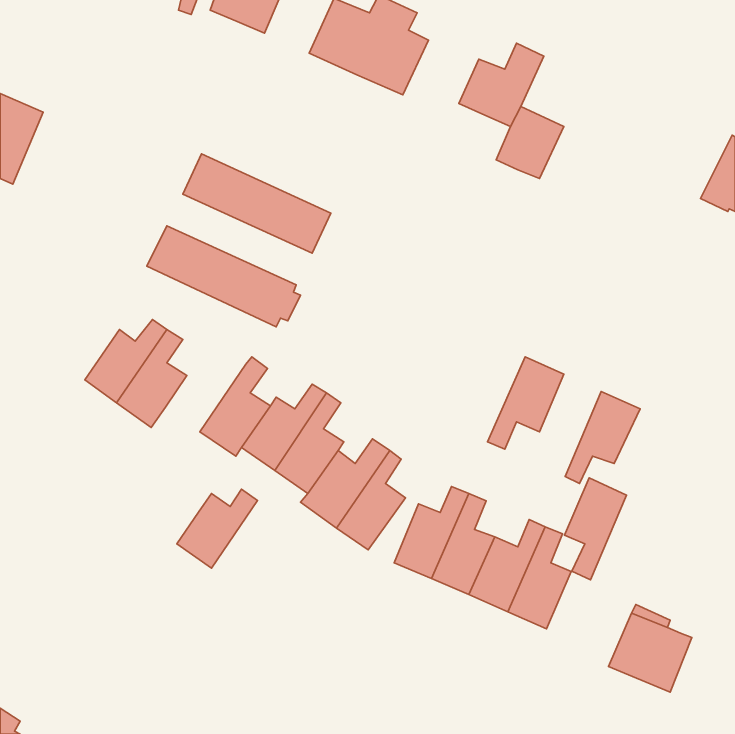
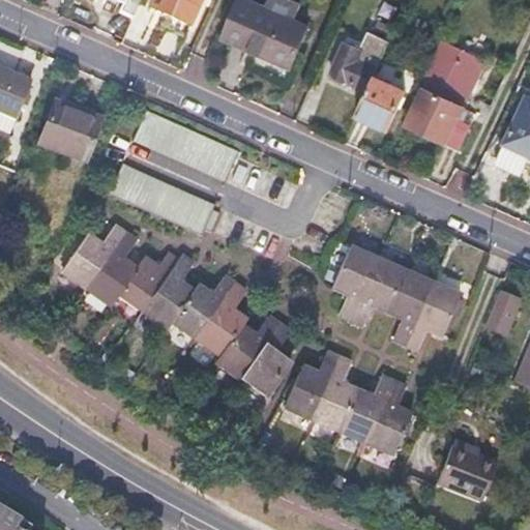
building: none -> [405,40,488,150]
building: none -> [38,99,100,159]
building: none -> [331,244,378,318]
building: none -> [483,288,518,331]
building: [565,478,626,580] -> [388,269,433,343]
building: [177,489,257,568] -> [119,254,177,311]

